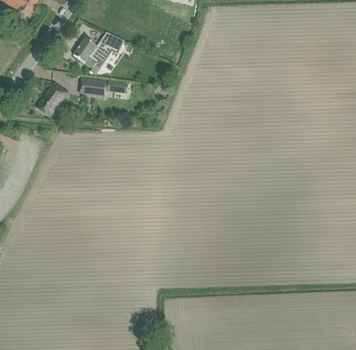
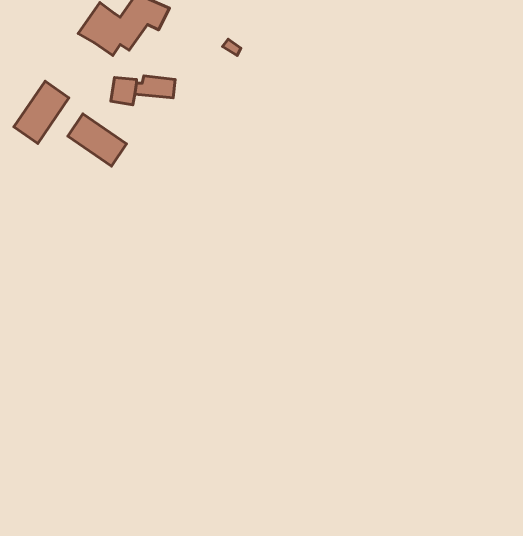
building: none -> [68,114,127,166]

